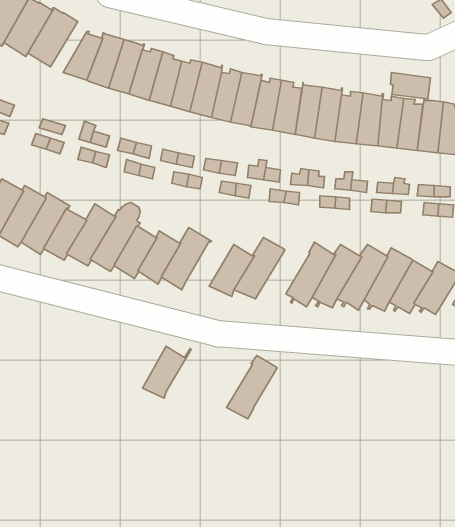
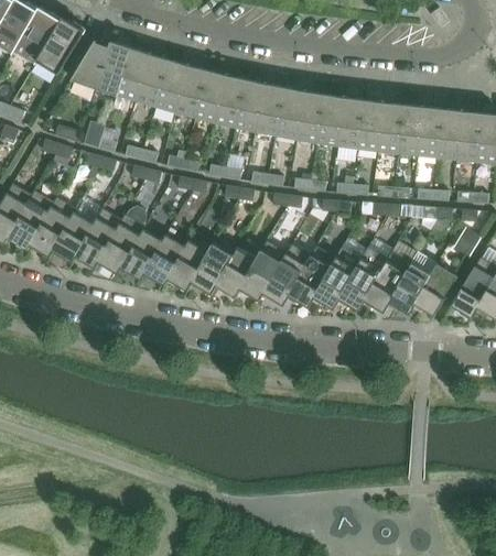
building: [391,72,431,99] -> none
building: [143,346,191,398] -> [191,243,238,294]
building: [226,355,277,419] -> [262,243,312,305]

